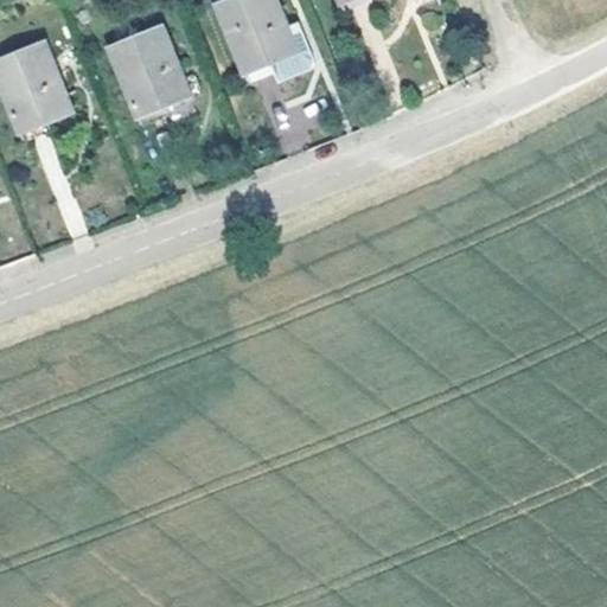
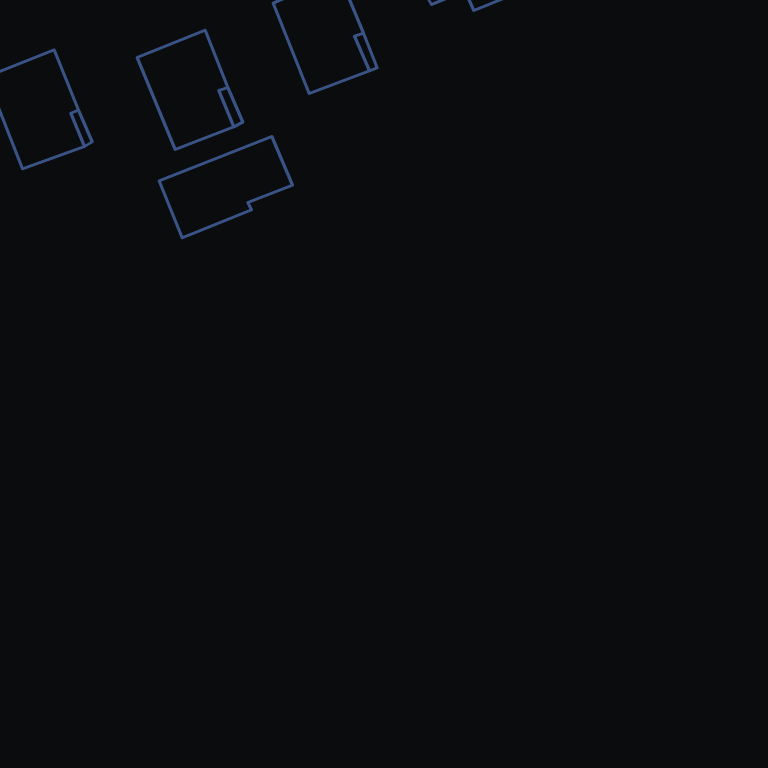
building: none -> [159,137,292,238]

